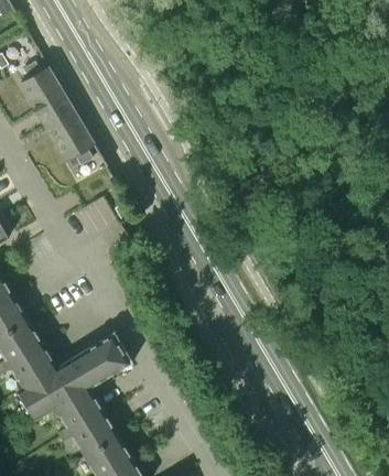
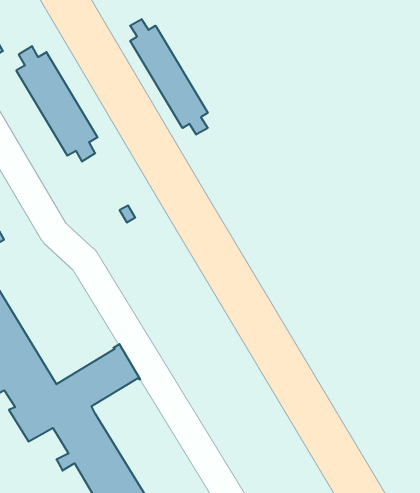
building: none -> [130,19,208,135]

